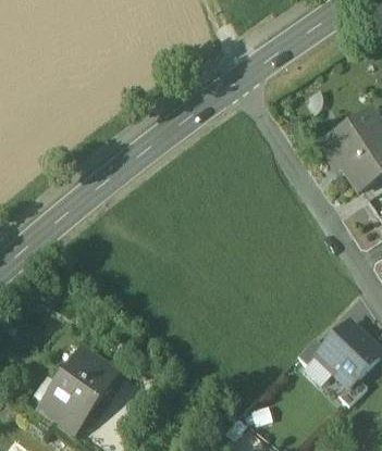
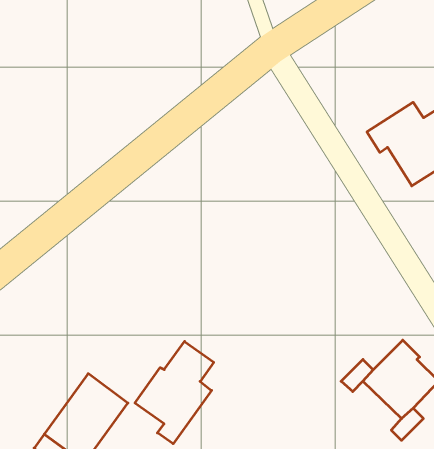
building: none -> [135,341,214,444]

